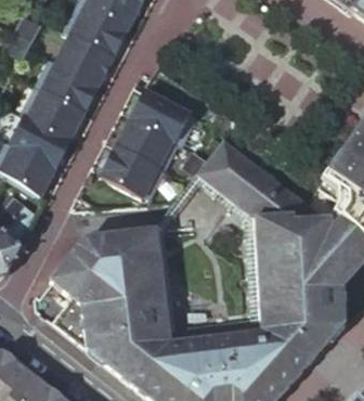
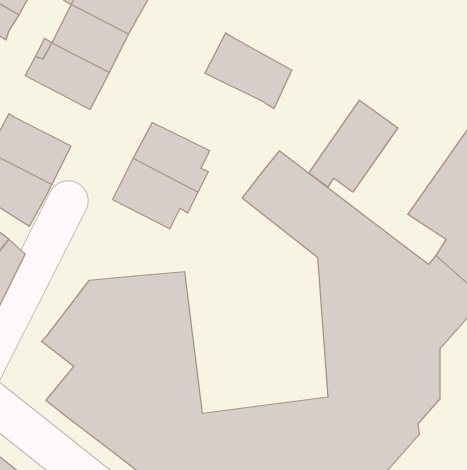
building: [29,83,86,135] -> none
building: [131,89,195,144] -> [205,33,292,108]
building: none -> [309,100,398,192]

